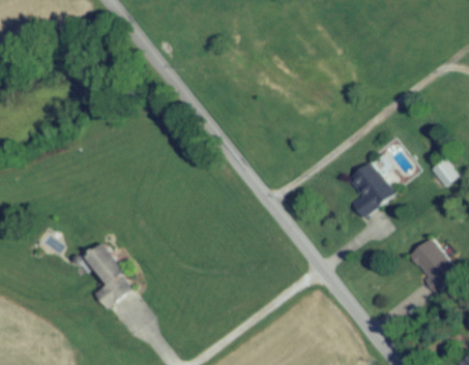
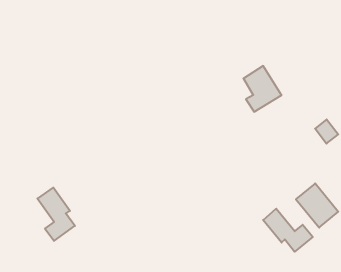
building: [348,160,395,217] -> [243,66,282,112]
building: none -> [263,209,313,252]

